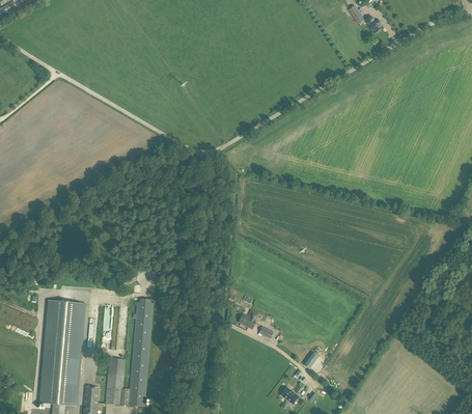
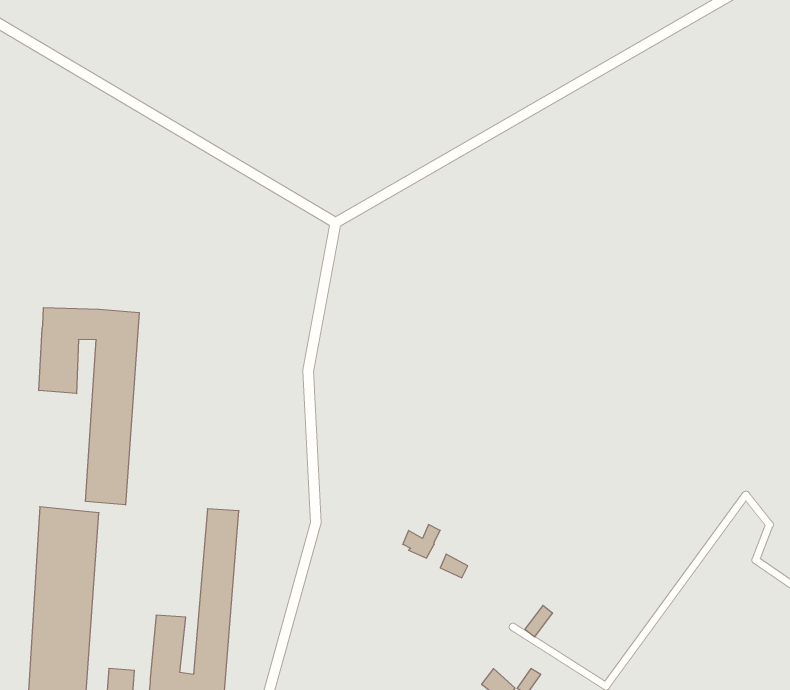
building: none -> [39,308,139,505]

